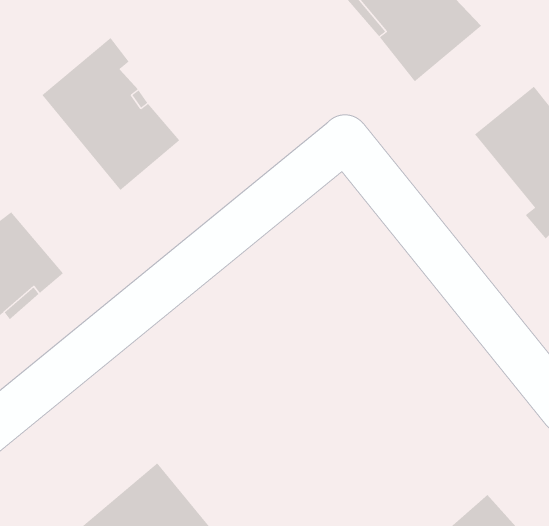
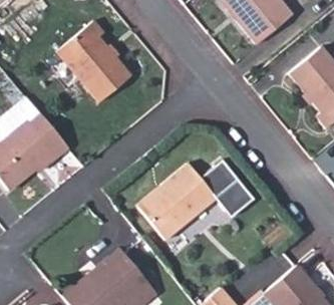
building: none -> [139,160,254,240]

